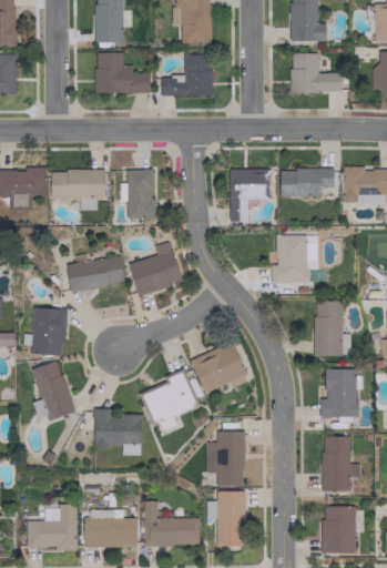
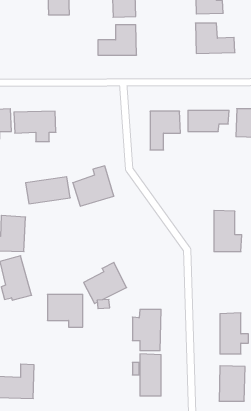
building: [96,52,151,93] -> none
building: [128,170,156,219] -> none
building: [272,235,308,283] -> none
building: [192,342,247,392] -> none
building: [320,368,358,417] -> none
building: [145,501,200,546] -> none
building: [84,509,139,546] -> none

